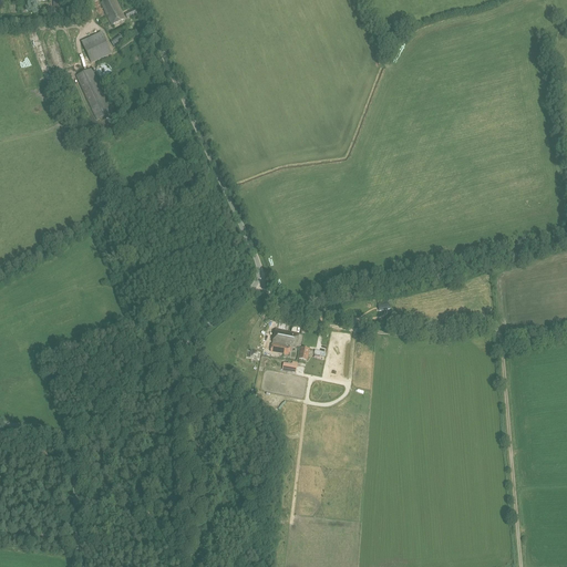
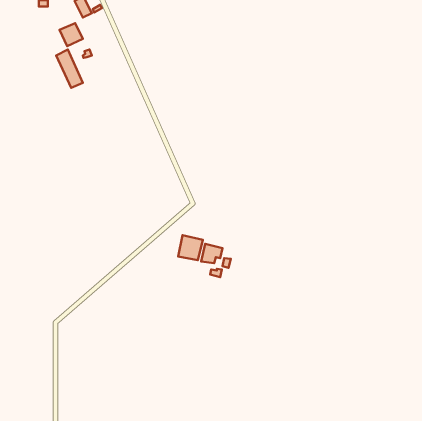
building: none -> [178,235,203,260]

